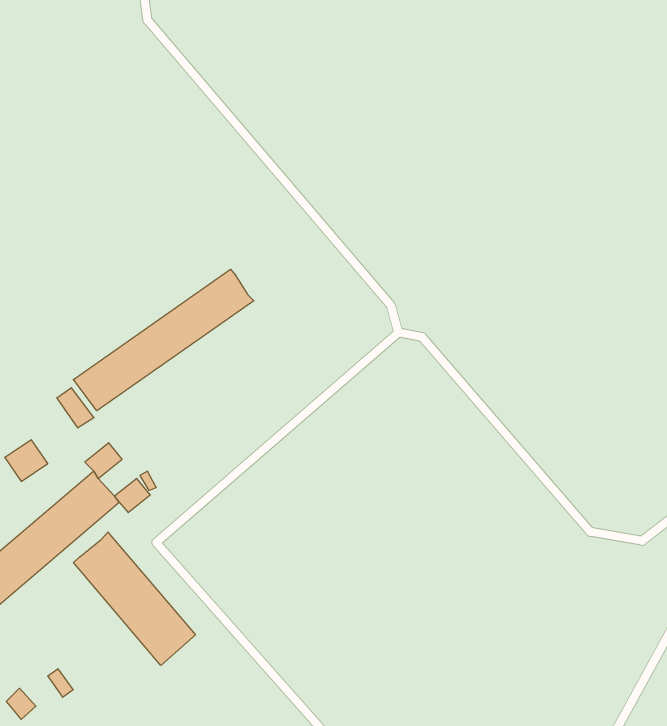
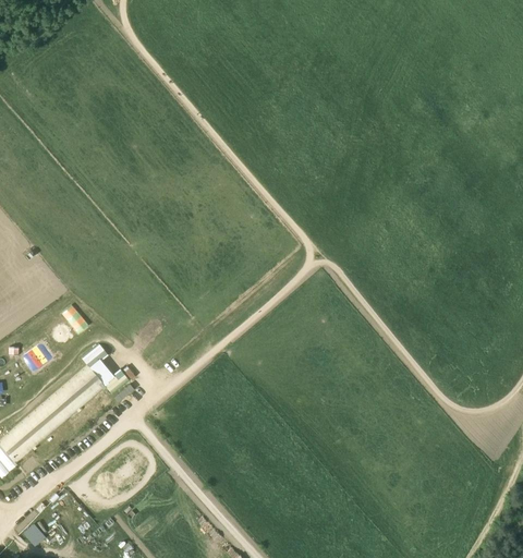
building: [73,269,254,411] -> none
building: [73,532,195,665] -> none

